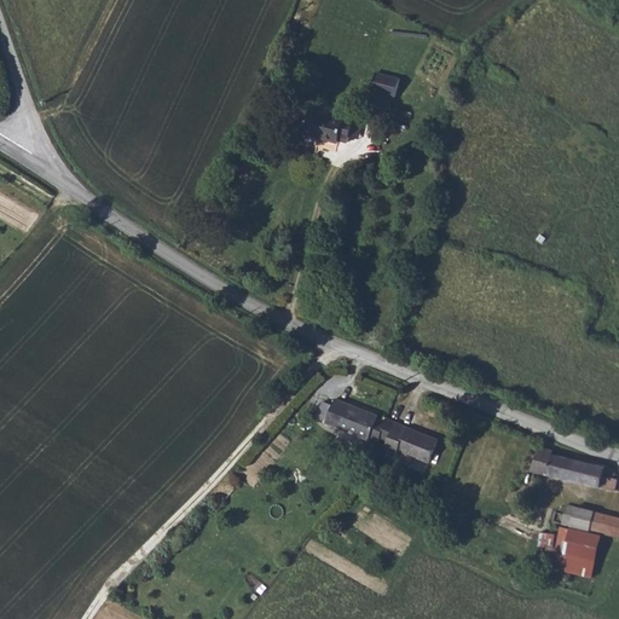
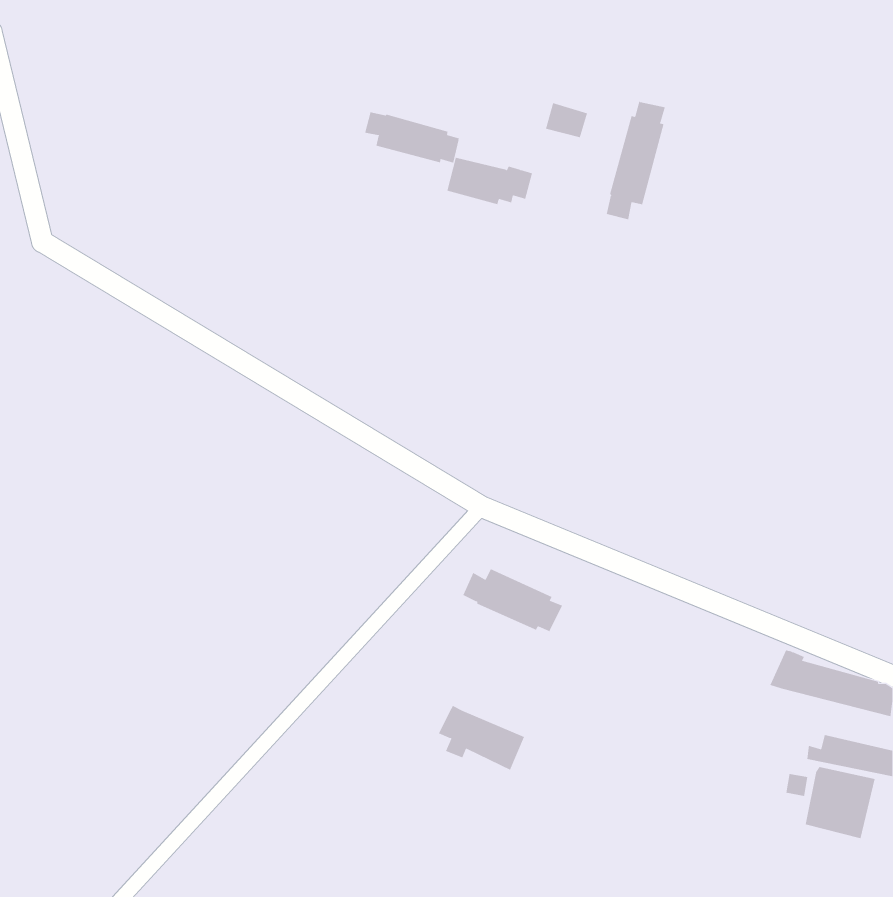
building: none -> [606,100,665,220]
building: none -> [365,111,460,163]
building: [377,416,436,461] -> [438,705,525,770]

